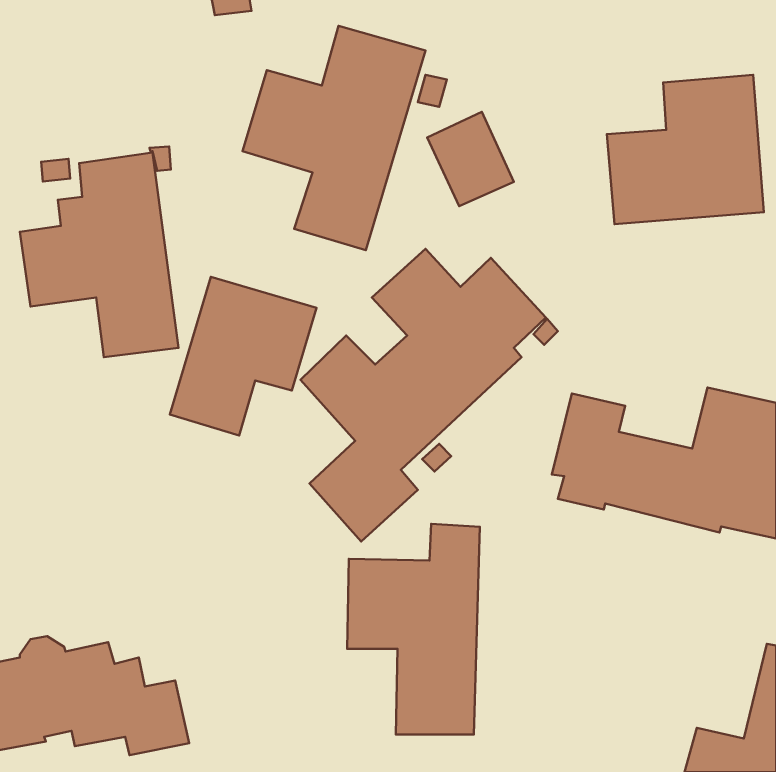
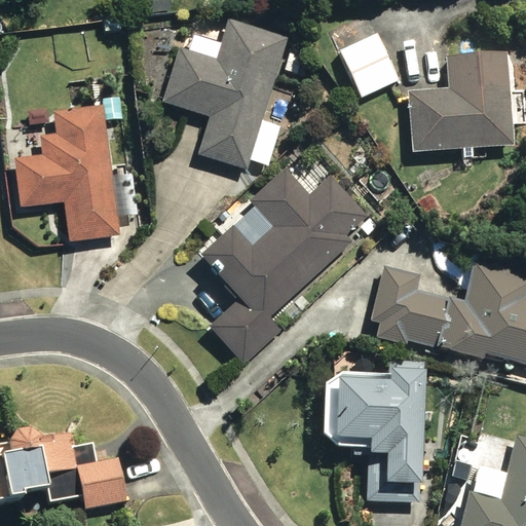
building: [427,112,514,206] -> [340,32,399,96]
building: [170,277,317,435] -> none
building: [347,524,480,734] -> [335,360,424,501]

